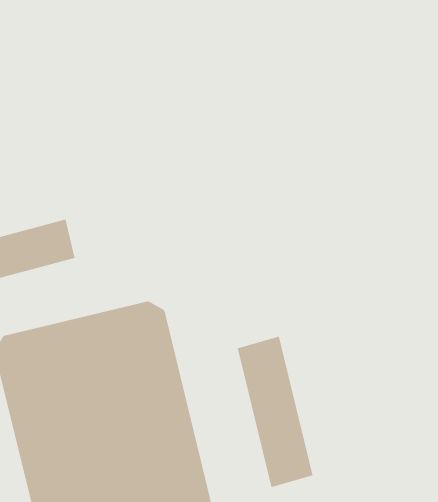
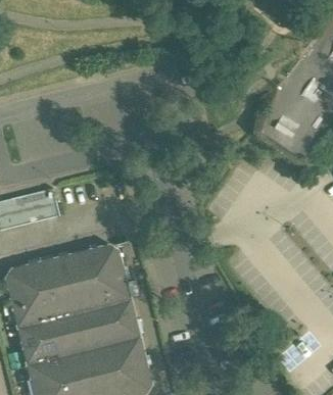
building: [237,336,313,488] -> none

